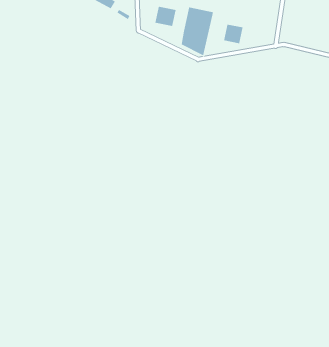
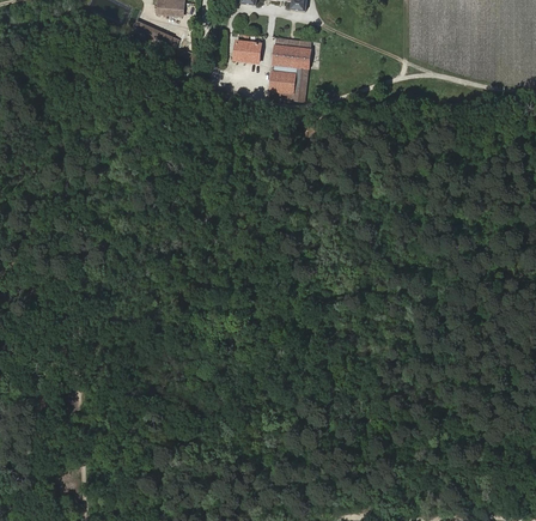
building: [224,24,243,44] -> none

